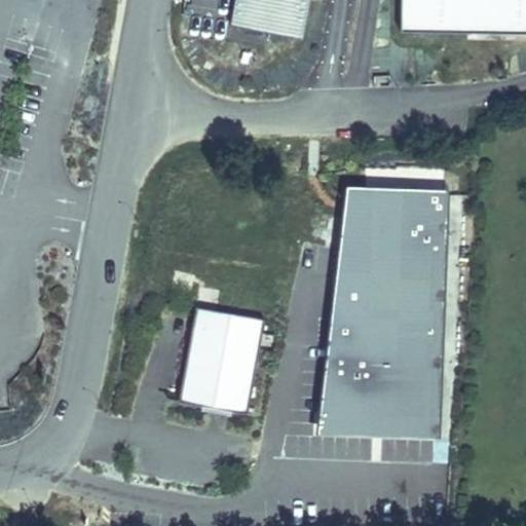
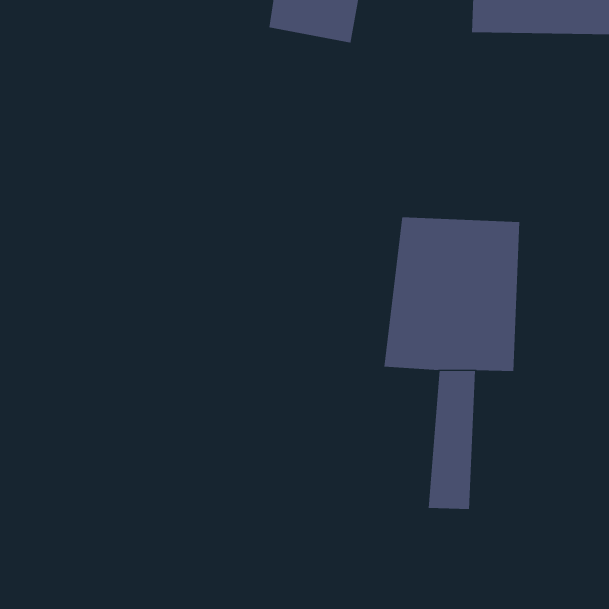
building: [188,311,262,416] -> none
building: [315,314,379,436] -> none
building: [406,317,444,438] -> none

